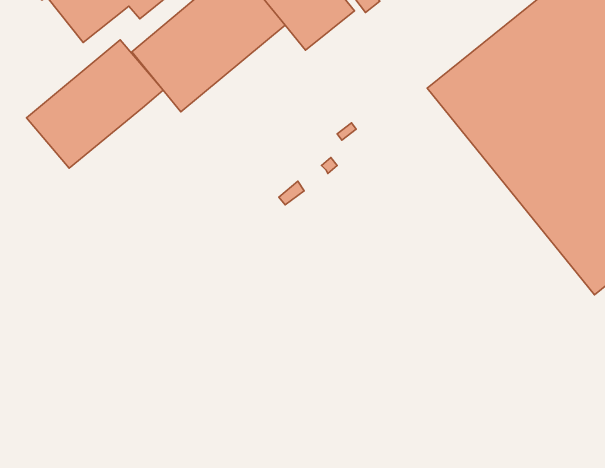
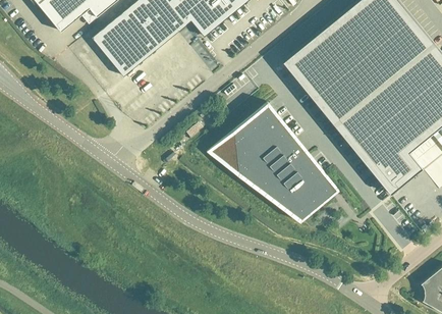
building: [26,40,163,168] -> none
building: none -> [210,105,326,220]

